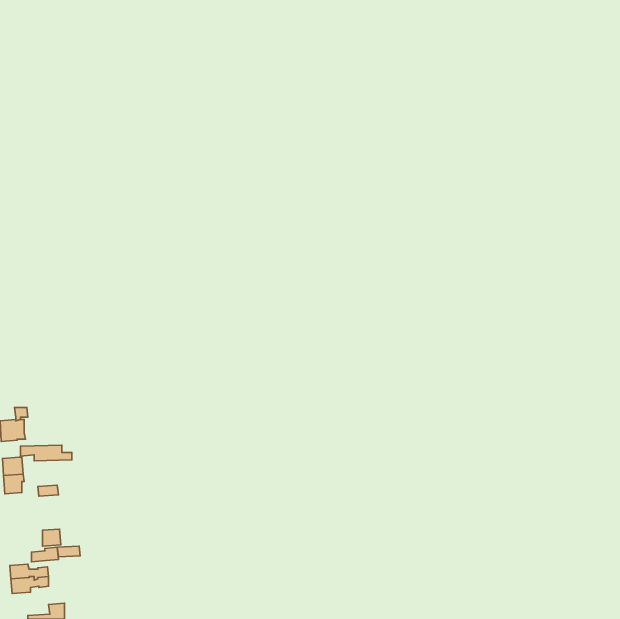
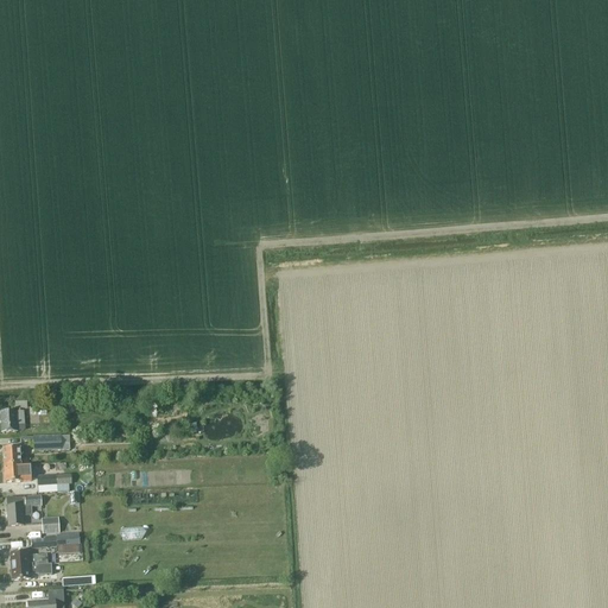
building: none -> [7,495,43,525]

